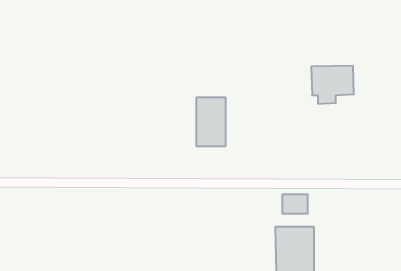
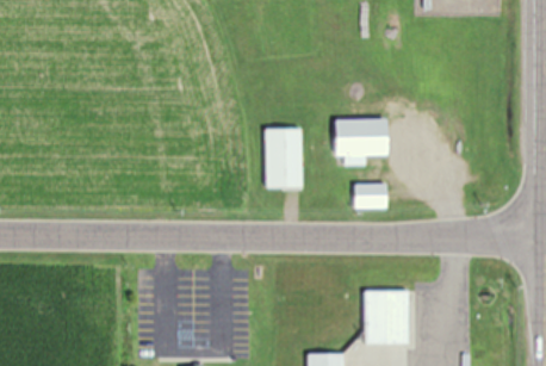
building: [311,66,354,104] -> [335,118,389,166]
building: [282,195,308,214] -> [354,184,386,207]

